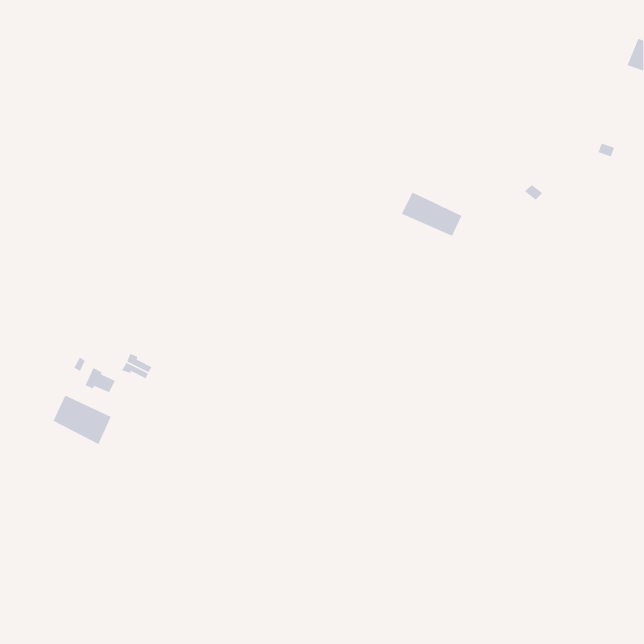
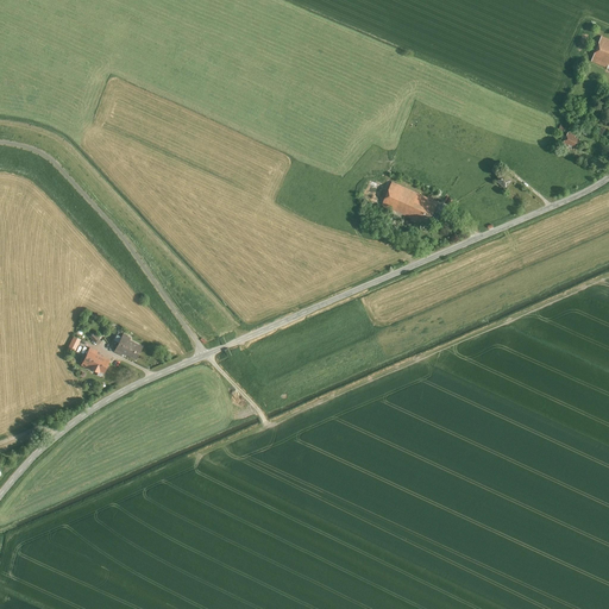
building: [52,395,112,445] -> none

